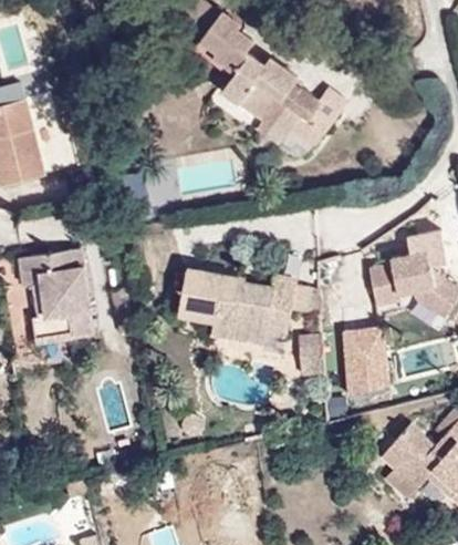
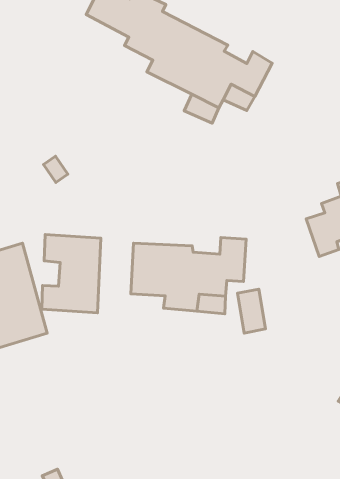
building: none -> [42,235,101,313]
building: [340,330,386,397] -> none

